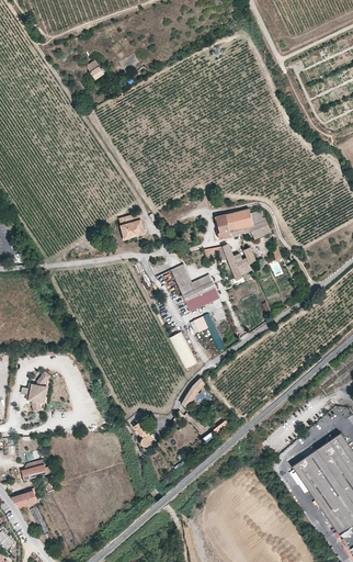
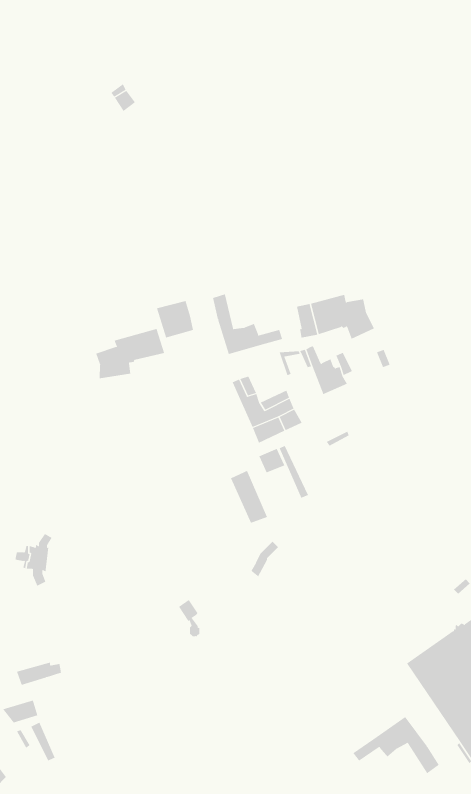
building: none -> [212,294,283,355]
building: none -> [96,328,165,379]
building: none -> [353,716,440,774]

